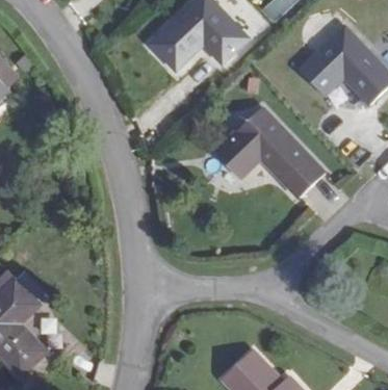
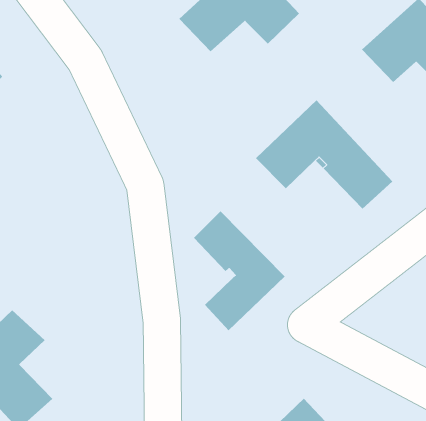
building: none -> [193,210,285,331]

